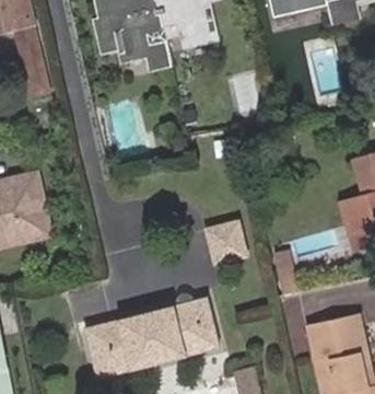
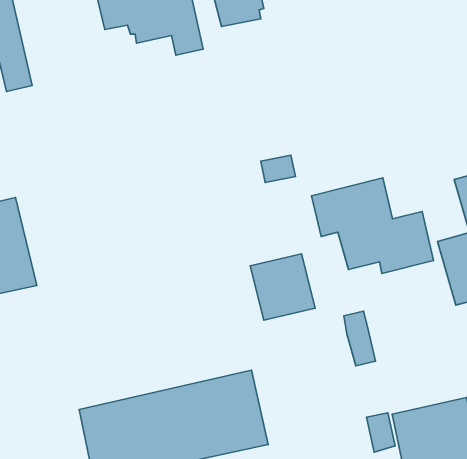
building: none -> [312,178,434,274]

